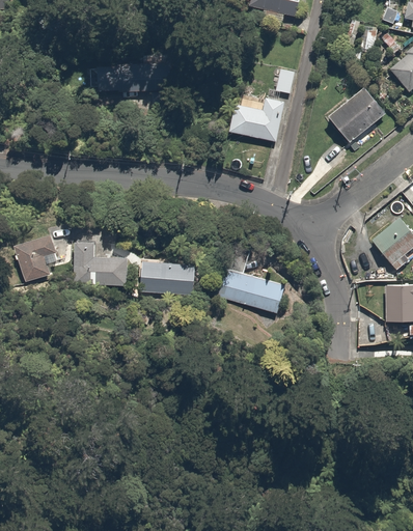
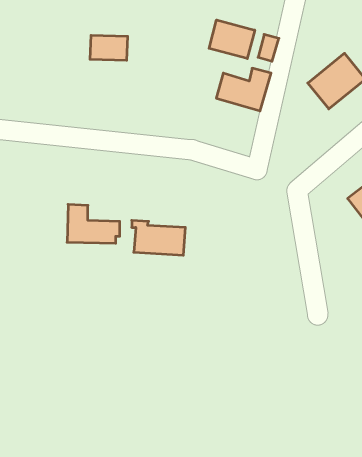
building: none -> [209,20,255,59]
building: [13,235,59,282] -> none
building: [215,269,290,316] -> none

